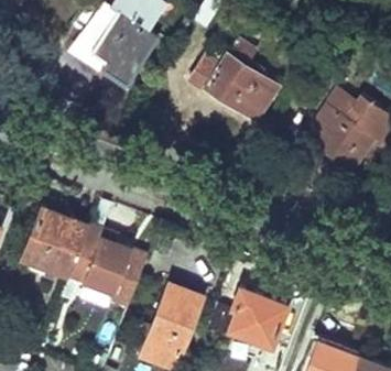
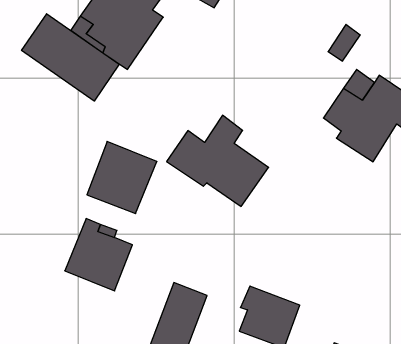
building: none -> [22,14,119,101]
building: [186,39,281,123] -> [167,115,269,206]
building: [22,207,87,274] -> [87,141,157,214]

